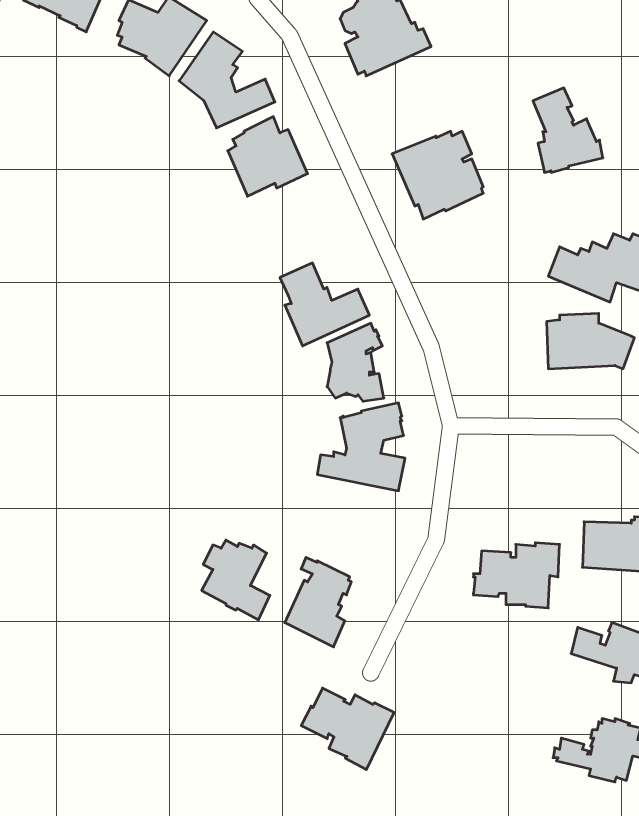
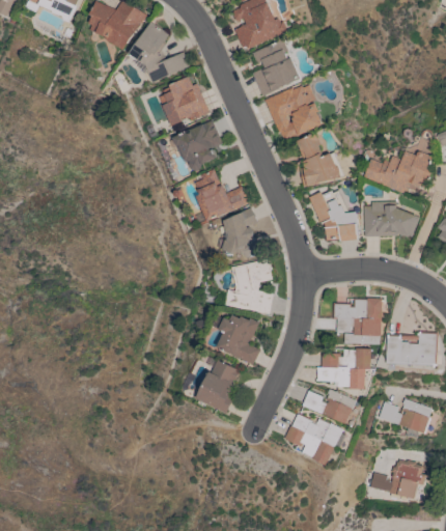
building: none -> [252,39,301,95]
building: [533,88,603,172] -> [297,133,341,187]
building: none -> [170,120,223,170]
building: none -> [309,189,358,241]
building: none -> [333,298,383,344]
building: [202,540,270,620] -> [217,314,260,365]
building: none -> [302,389,356,424]
building: [301,688,394,770] -> [284,414,343,466]

